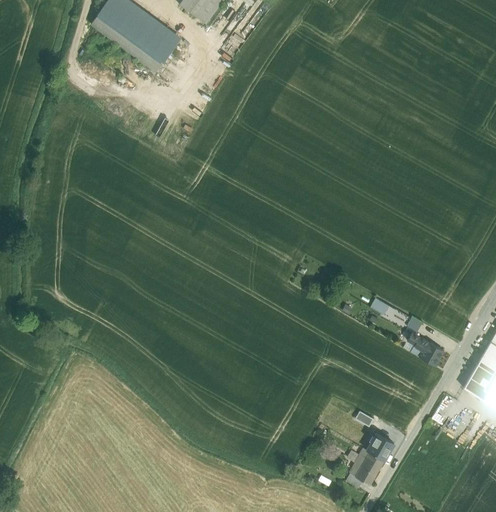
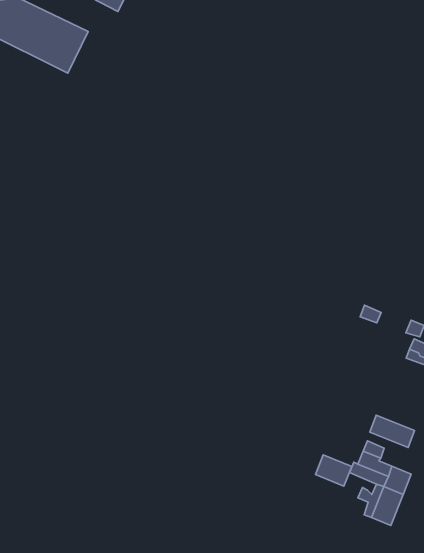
building: none -> [370,415,415,448]
building: none -> [316,455,352,486]

